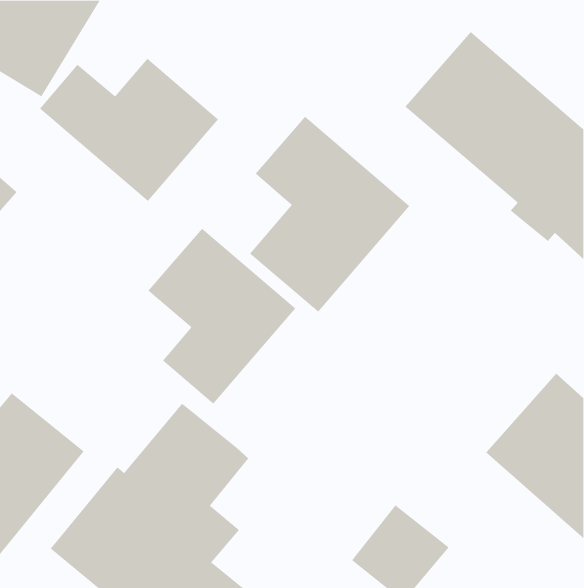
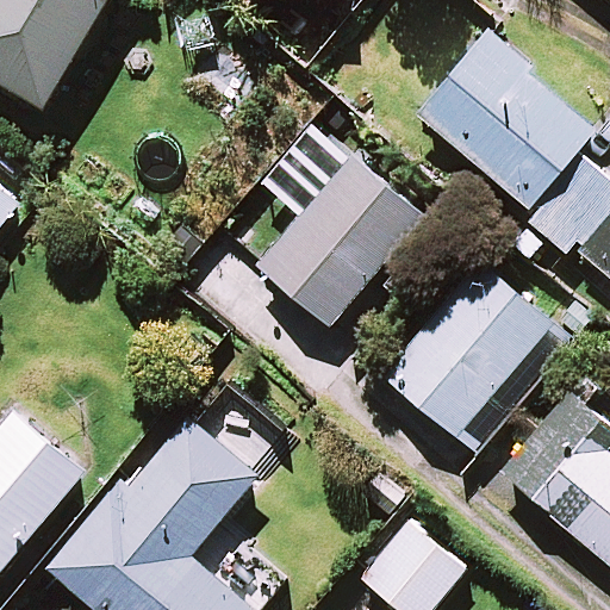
building: [39,58,219,202] -> none
building: [148,228,296,405] -> none
building: none -> [382,261,569,452]

